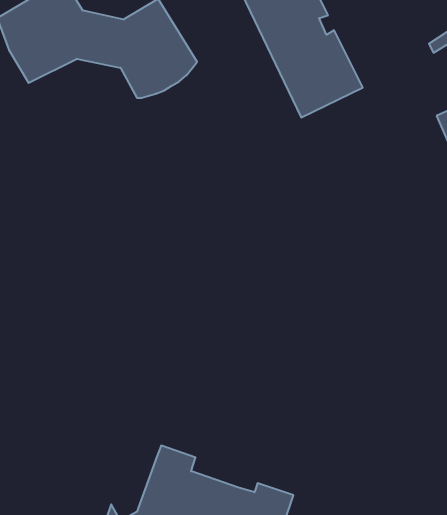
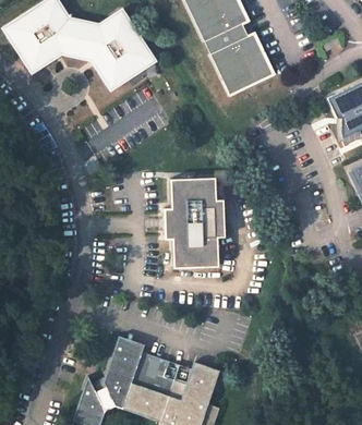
building: none -> [166,180,226,270]

